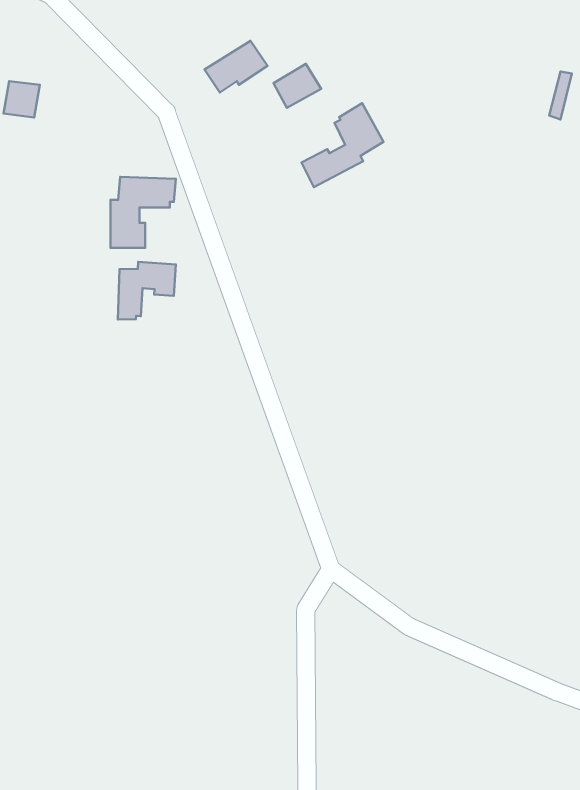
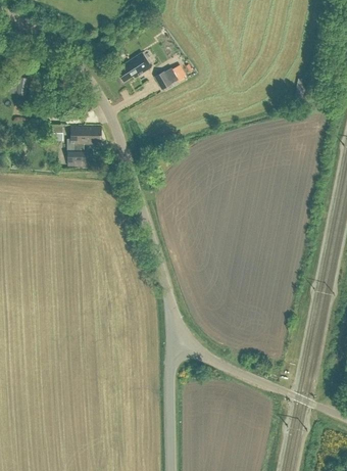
building: [302,103,384,187] -> none
building: [118,262,176,320] -> none

